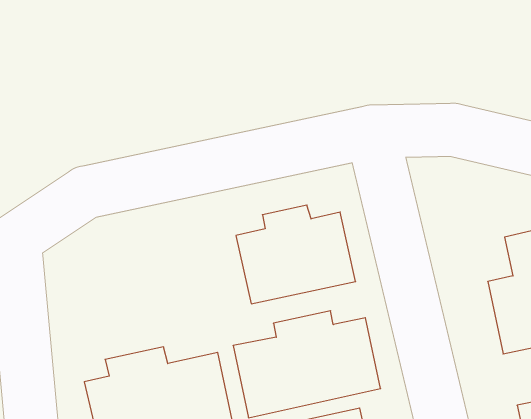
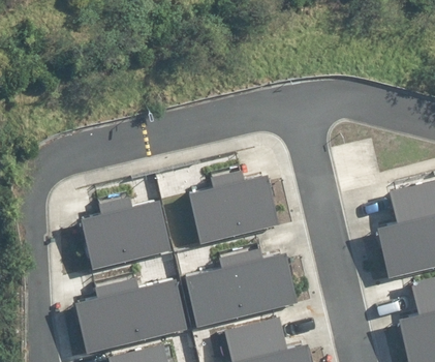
building: none -> [82,197,173,269]

